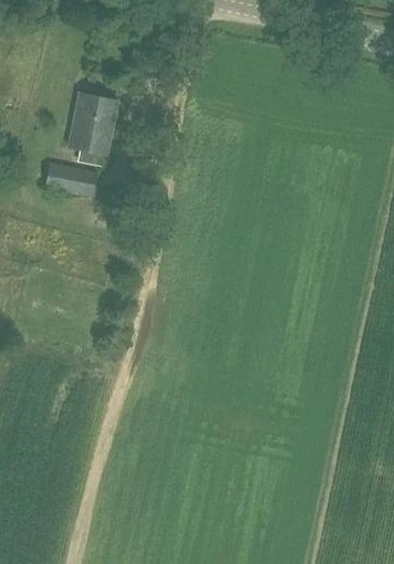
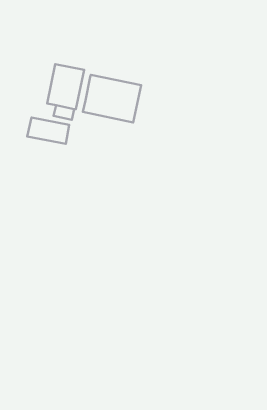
building: none -> [83,75,141,122]

